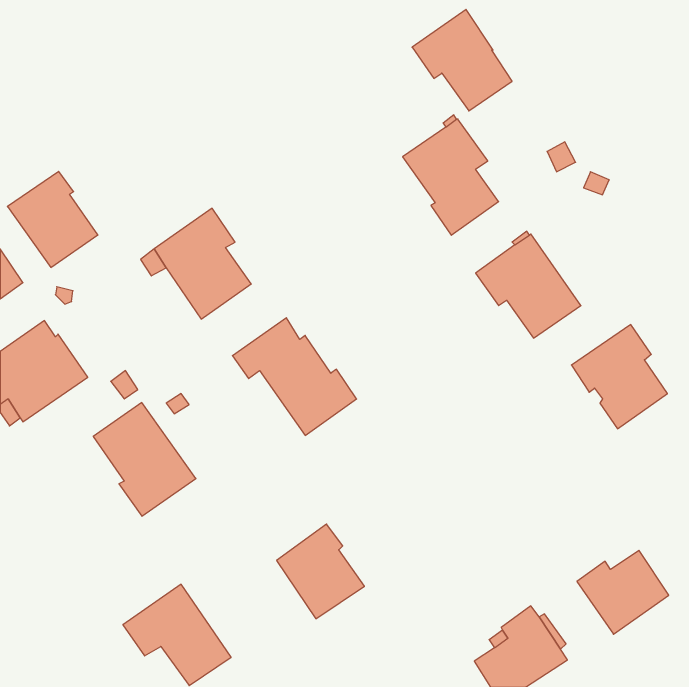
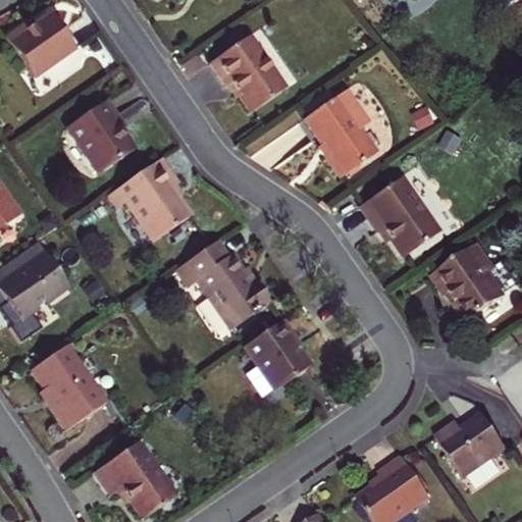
building: [412,9,512,111] -> [210,34,285,110]
building: none -> [5,11,75,76]
building: [7,171,98,267] -> [66,100,135,172]
building: [93,403,196,516] -> [31,344,108,429]
building: [277,524,364,619] -> [245,318,311,389]

